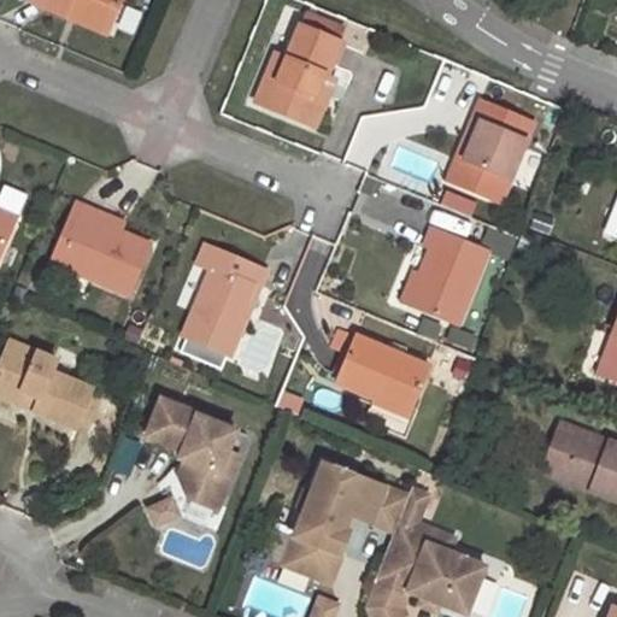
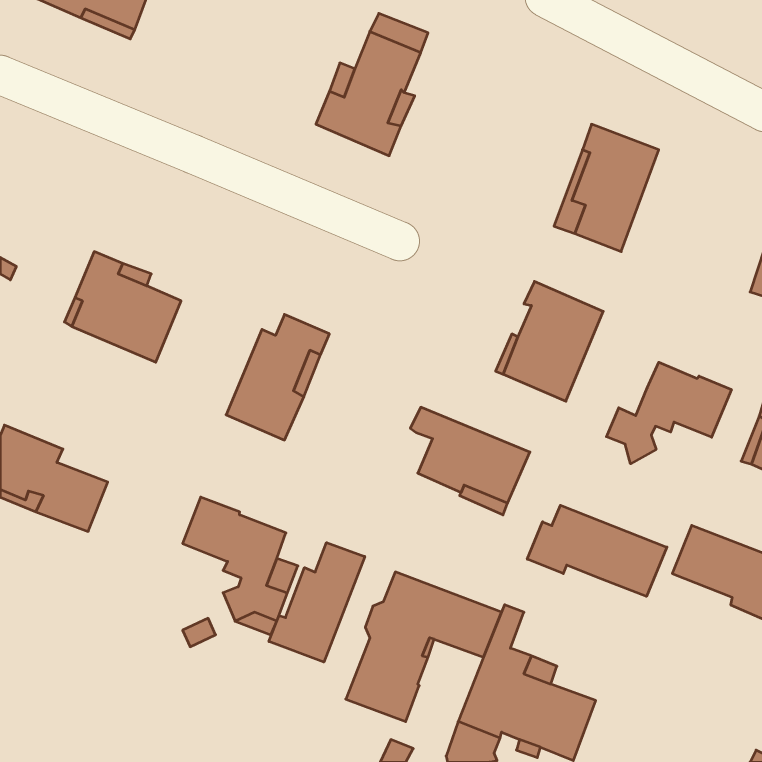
building: none -> [606,362,731,464]
building: none -> [527,505,667,596]
building: none -> [269,543,365,662]

